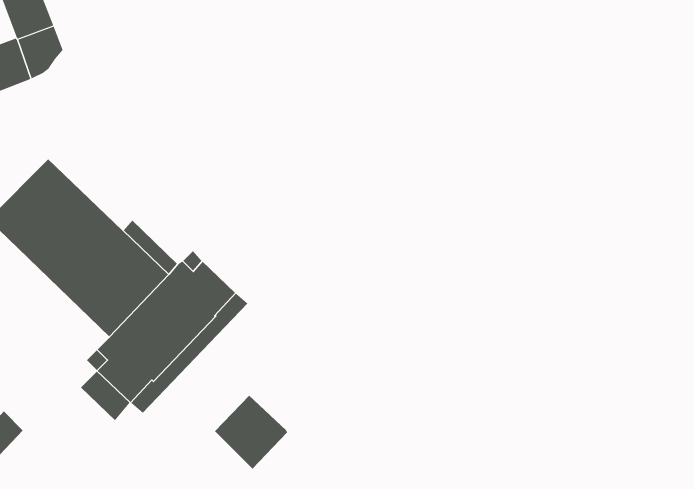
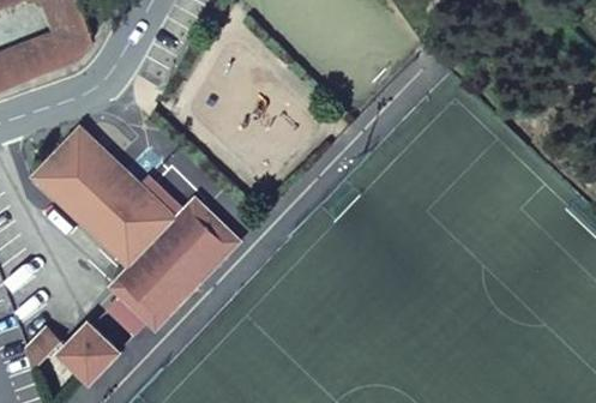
building: [214,395,288,469] -> none
building: none -> [59,323,118,381]

